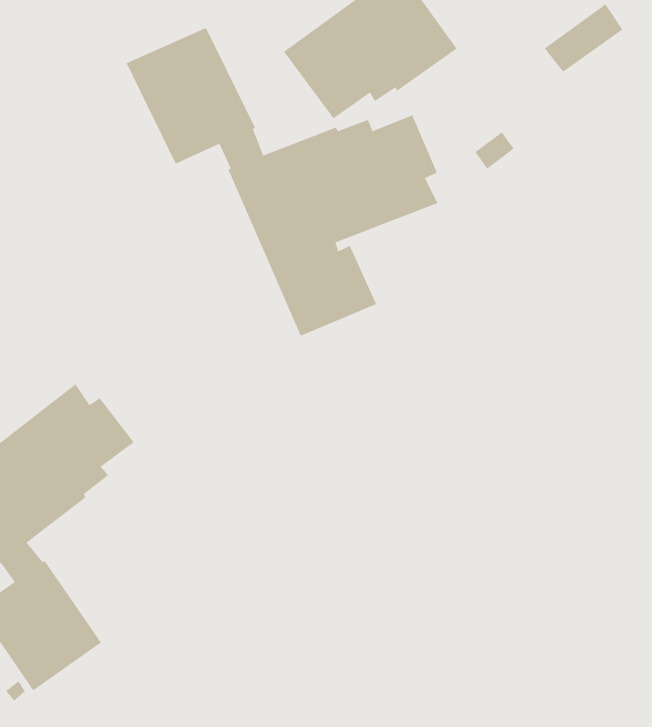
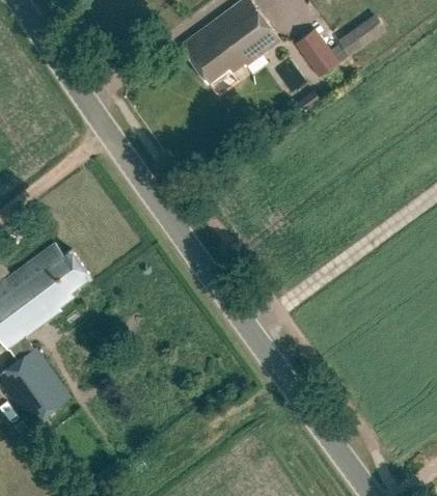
building: [126,27,438,336] -> none
building: none -> [294,29,338,78]

